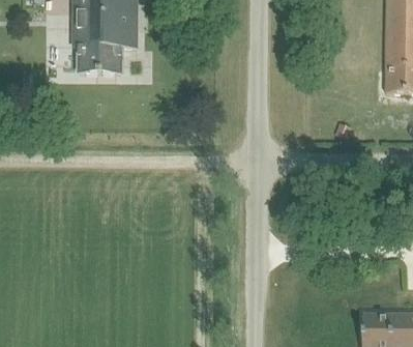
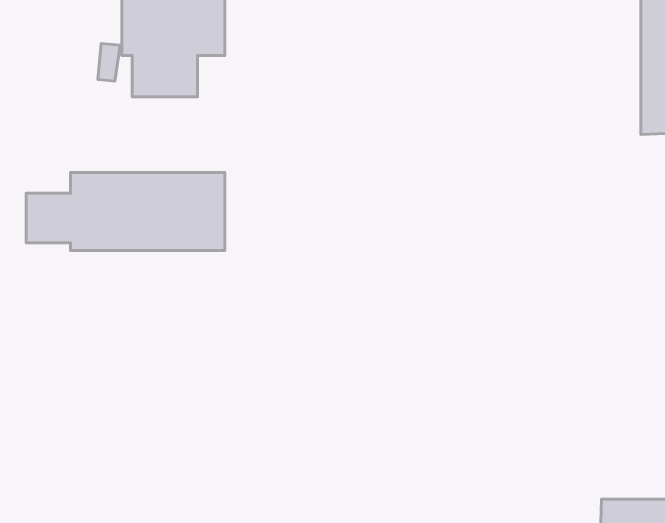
building: none -> [26,172,225,251]

